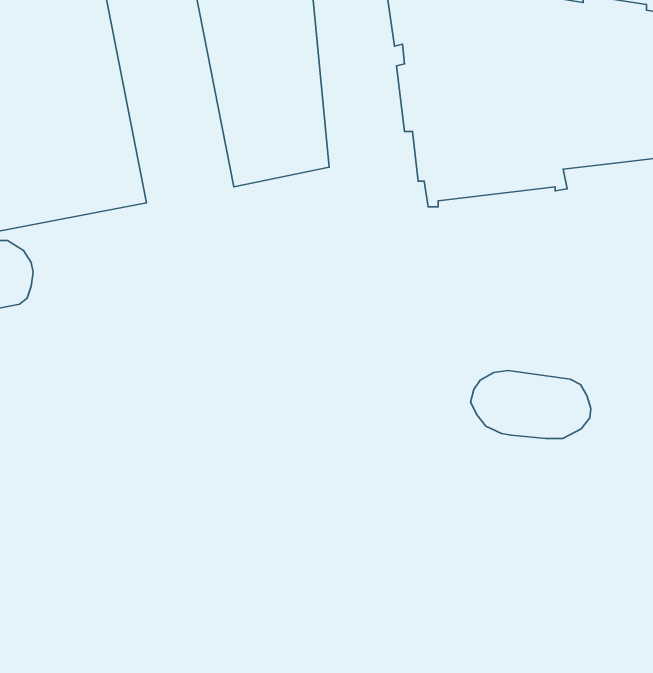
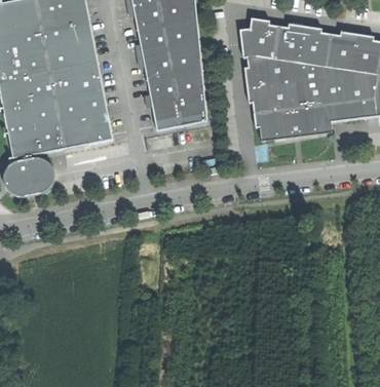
building: [471,371,591,439] -> none

